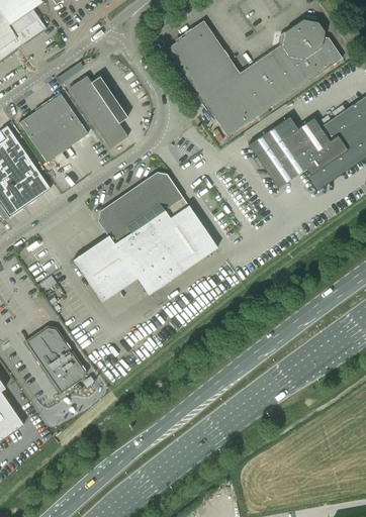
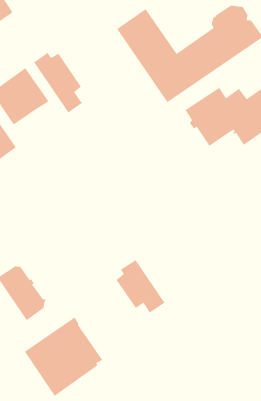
building: [73,172,216,302] -> none
building: none -> [115,259,166,313]
building: none -> [24,317,103,397]

